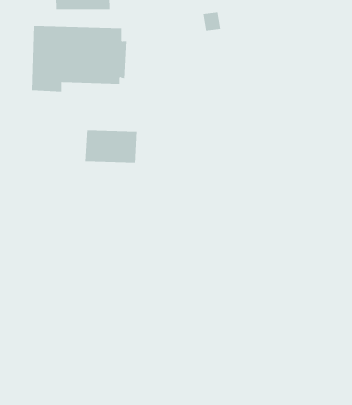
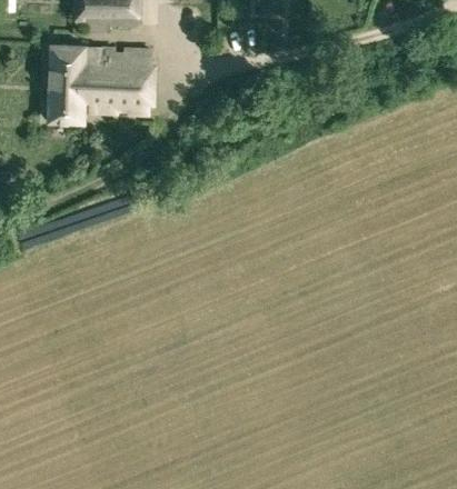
building: [85,130,137,164] -> none

